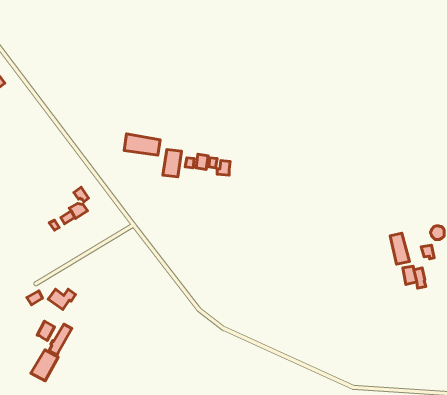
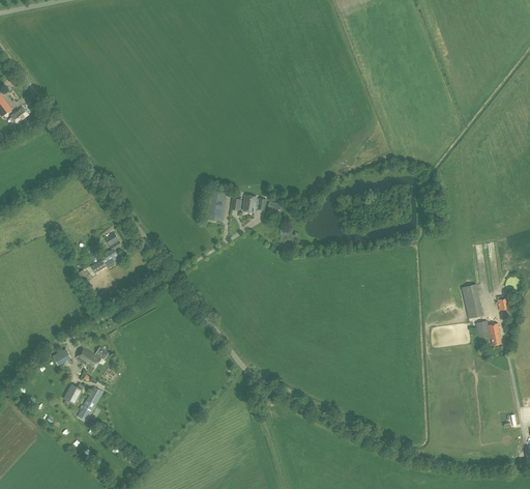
building: [124,134,160,155] -> none
building: [31,350,58,381] -> none

